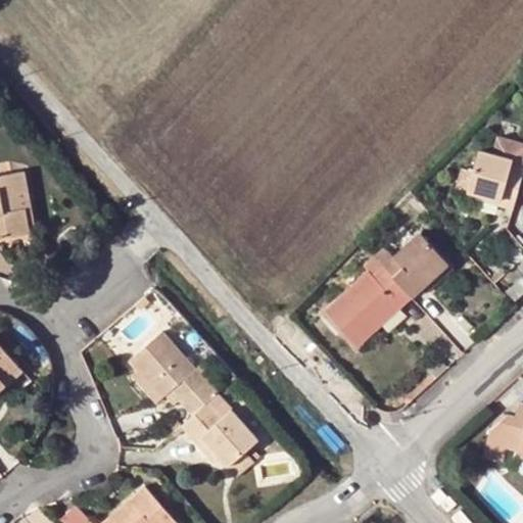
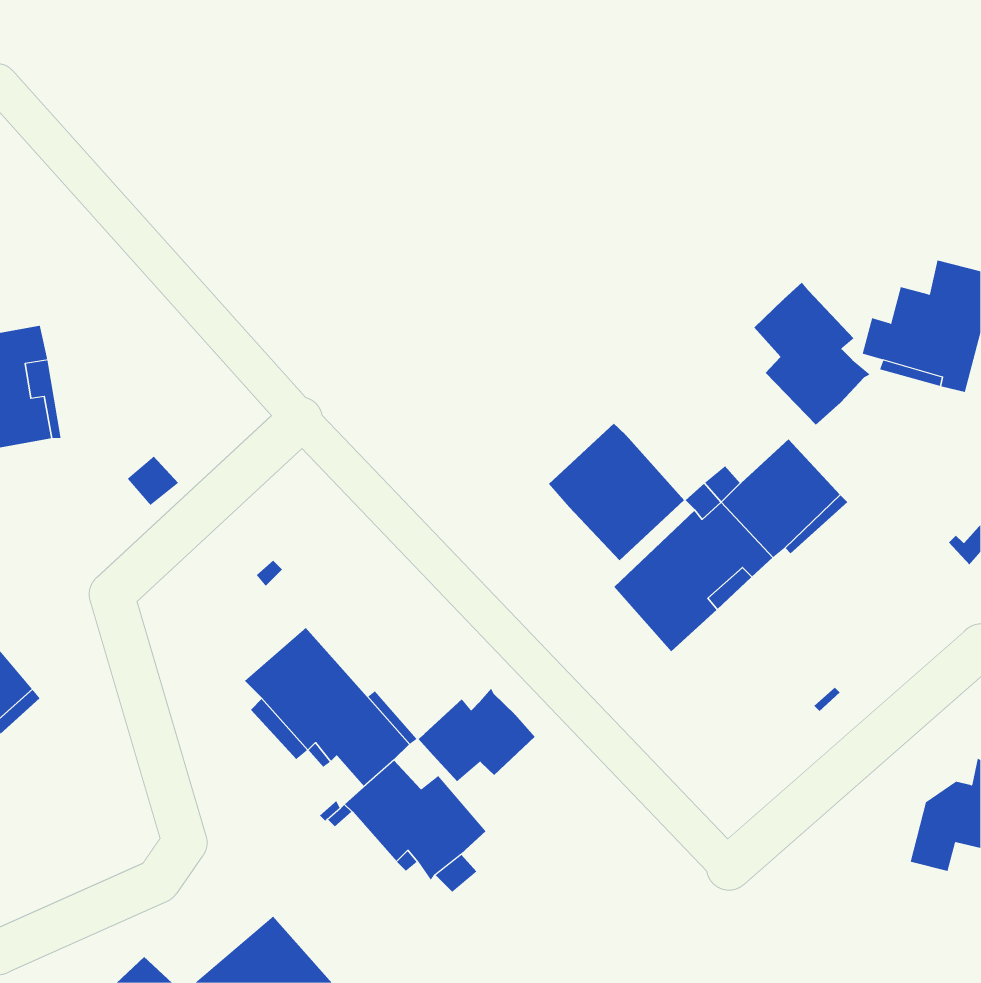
building: none -> [753,282,871,426]
building: none -> [548,423,685,561]
building: none -> [417,688,535,782]

